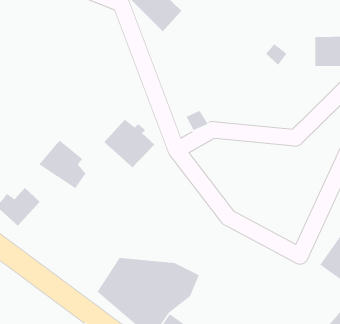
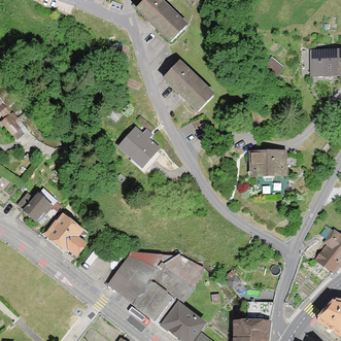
building: none -> [163,61,215,114]
building: [38,140,87,189] -> [43,213,88,259]
building: none -> [248,149,287,178]

